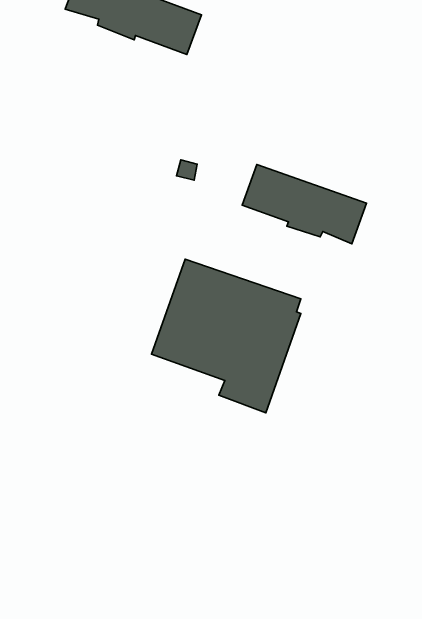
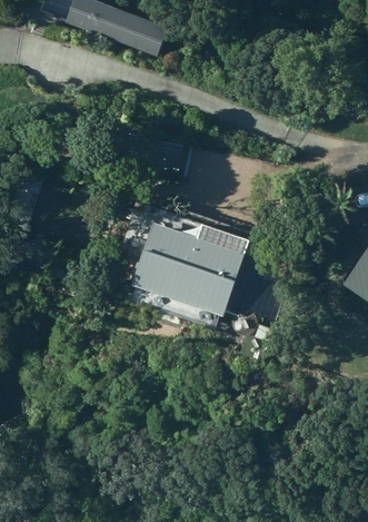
building: [242,165,366,244] -> none

